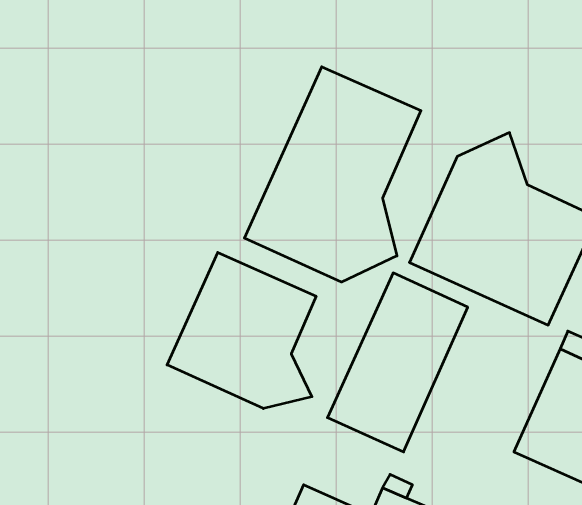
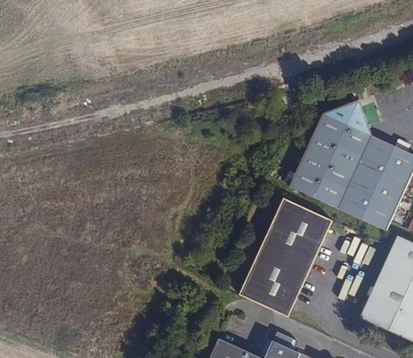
building: [244,67,421,282] -> none
building: [167,252,316,409] -> none

